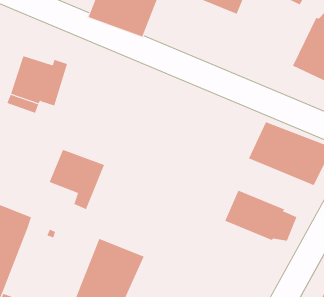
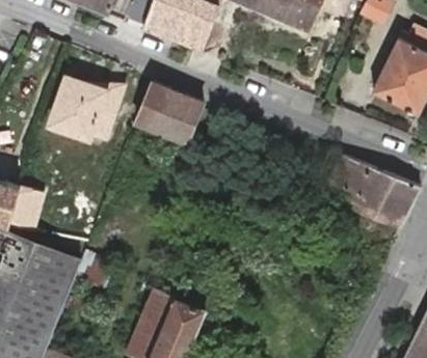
building: [49,149,105,210] -> [138,84,202,153]
building: [225,190,297,241] -> none

